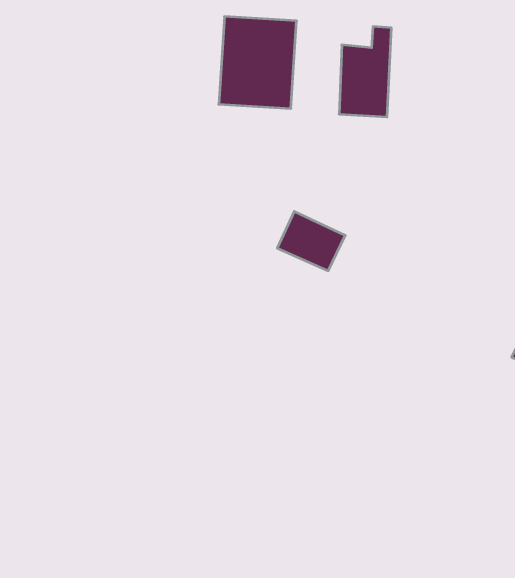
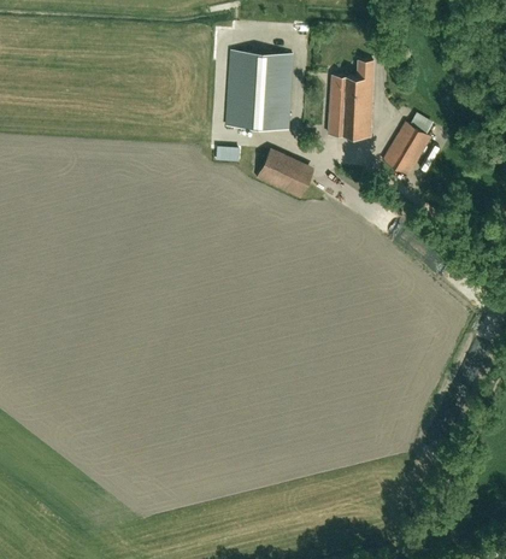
building: none -> [383,124,430,175]
building: [277,211,345,271] -> [257,148,314,199]

